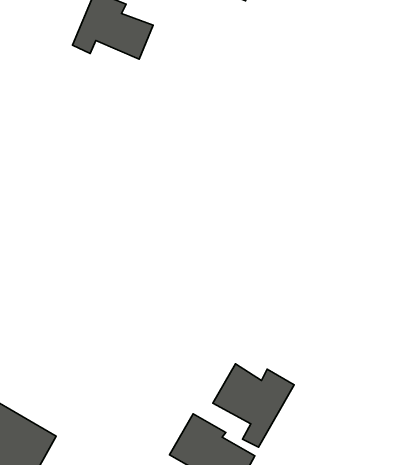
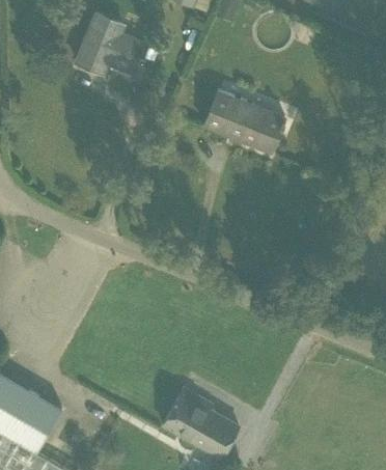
building: none -> [203,90,284,153]
building: [213,364,294,447] -> none

